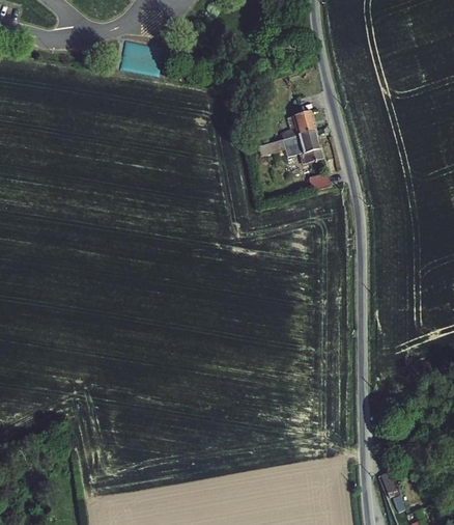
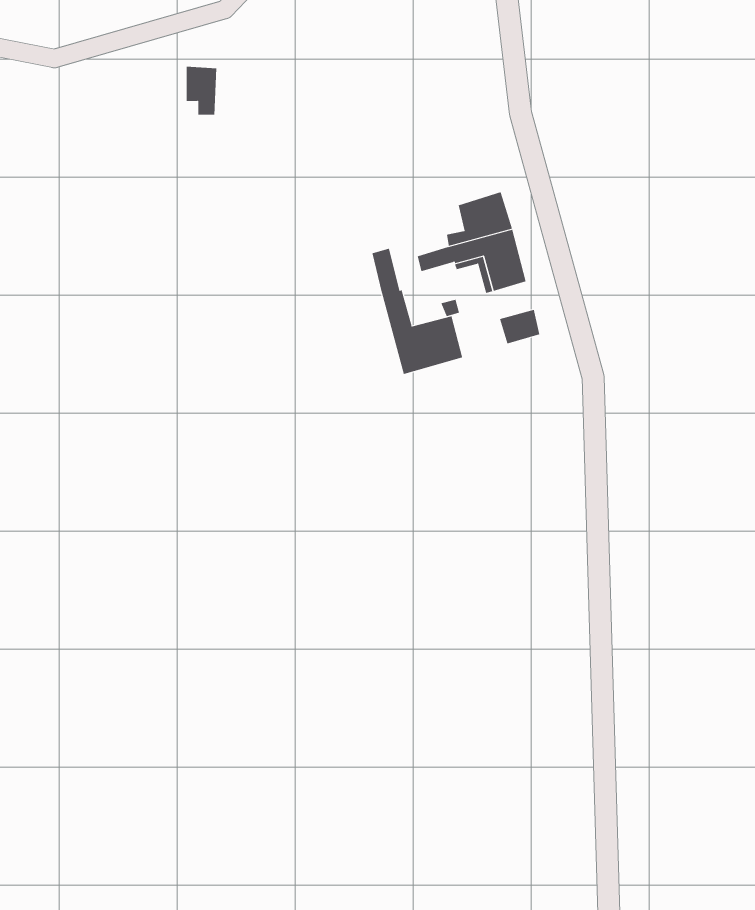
building: none -> [372,248,463,375]

